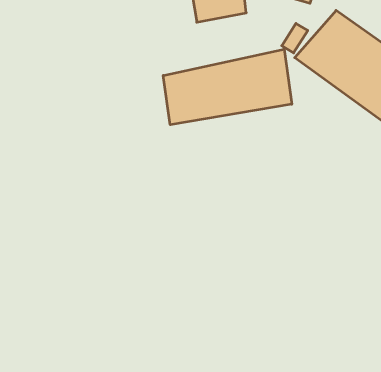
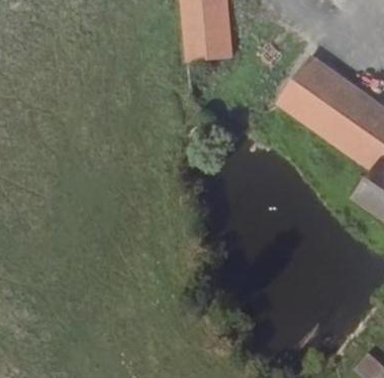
building: [163,49,292,125] -> none

